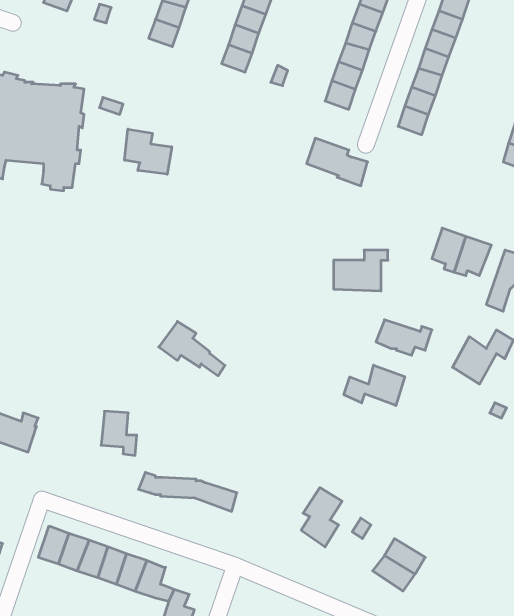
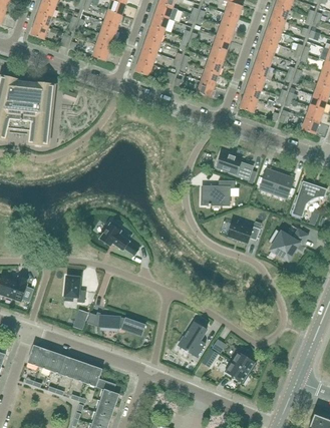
building: [125,129,172,174] -> none
building: [307,138,368,186] -> [217,151,253,179]
building: [344,365,405,406] -> none

